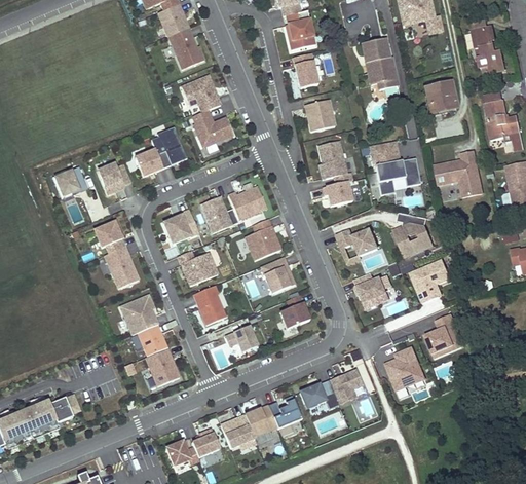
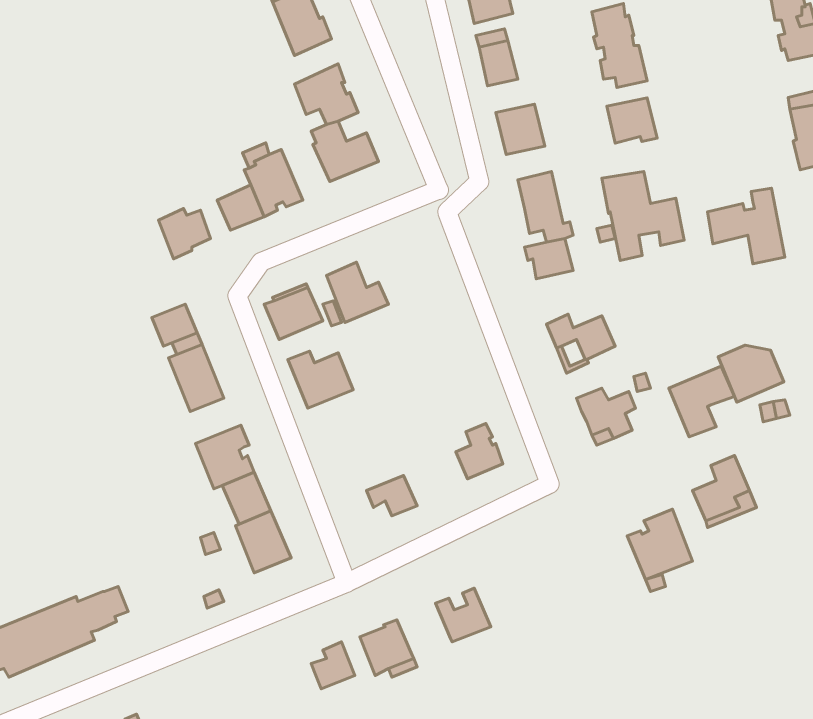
building: [425,81,456,109] -> [607,98,657,143]
building: [54,165,87,195] -> none
building: [228,186,266,219] -> none
building: [245,218,281,259] -> none
building: [393,222,434,257] -> [718,345,784,402]
building: [261,256,295,292] -> none
building: [194,285,225,324] -> none
building: [330,368,363,403] -> none
building: [300,382,327,407] -> none
building: [245,404,277,436] -> none
building: [166,440,199,466] -> none

